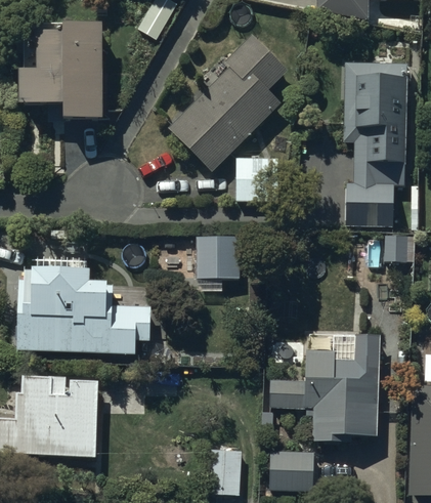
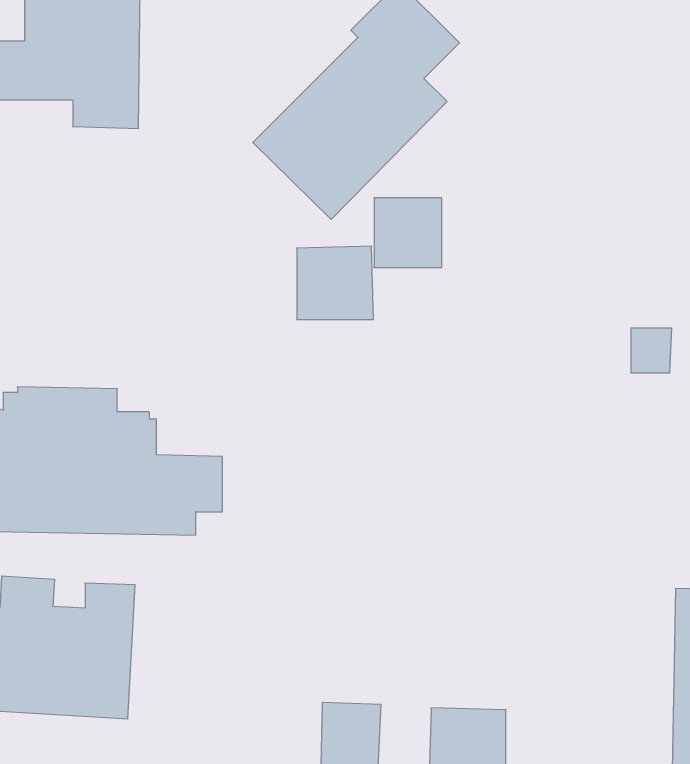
building: [343,61,406,227] -> none
building: [197,236,241,278] -> [297,246,373,319]
building: [270,335,381,444] -> none

